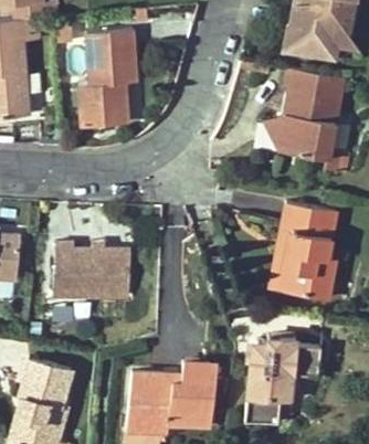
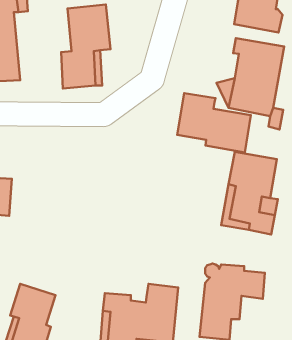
building: none -> [177,93,251,152]
building: [49,242,128,303] -> none

